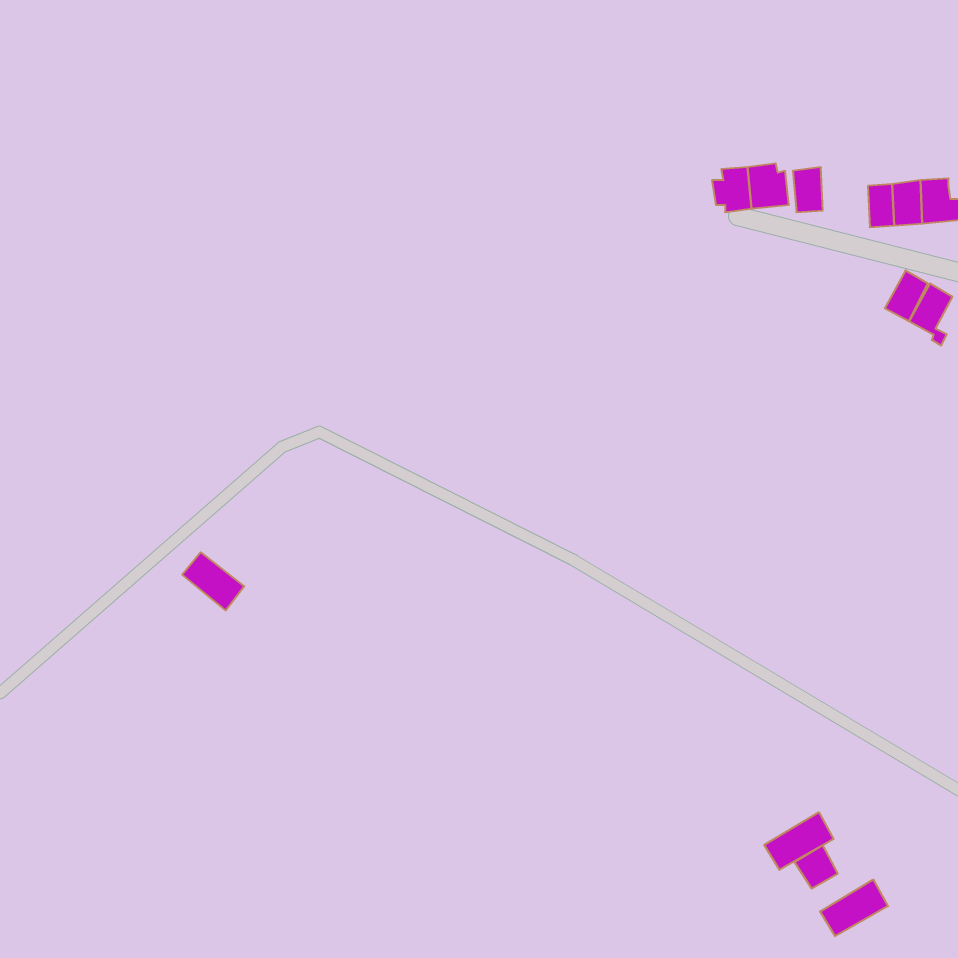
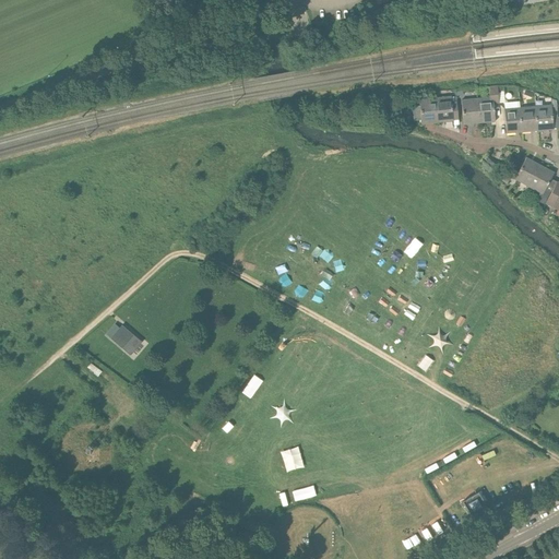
building: none -> [478,85,500,122]
building: [764,812,834,870] -> none
building: [820,880,888,936] -> none

